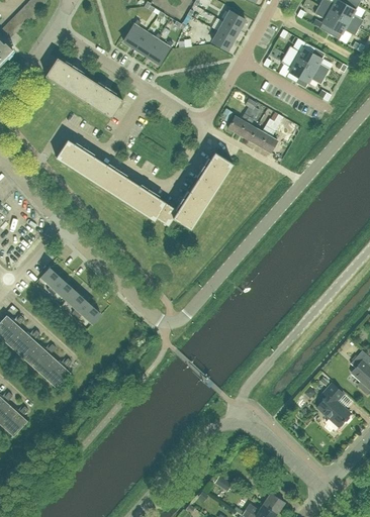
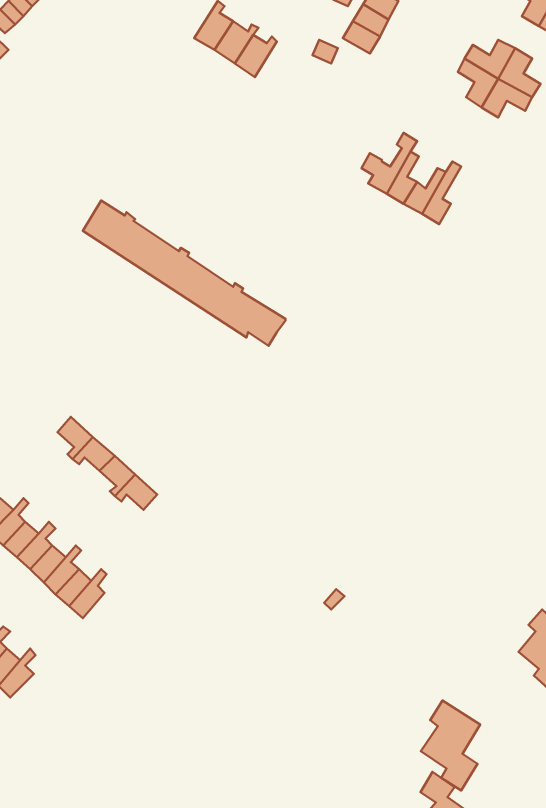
building: [44,58,122,117] -> none
building: [172,151,232,228] -> none
building: none -> [421,700,480,791]

